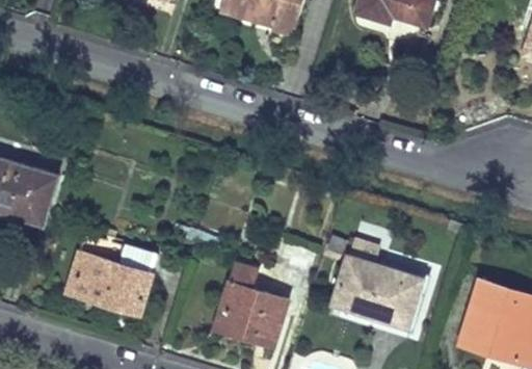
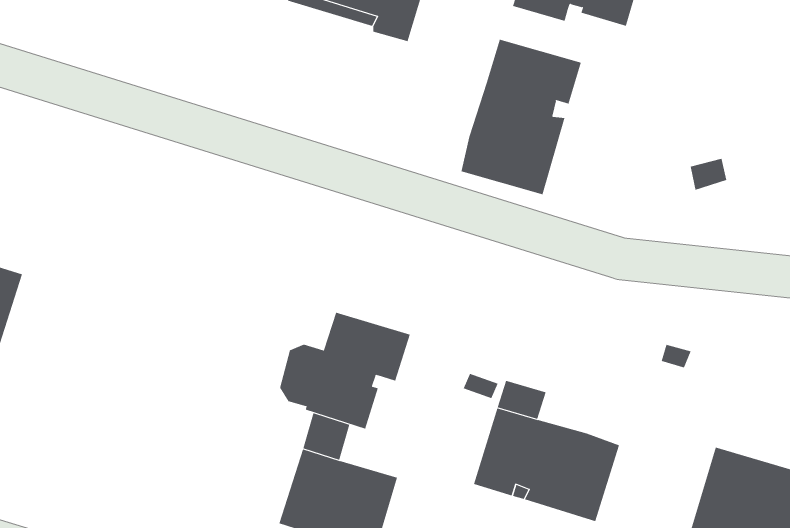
building: none -> [461,39,581,195]
building: none -> [280,312,411,429]
building: [66,234,157,314] -> none

